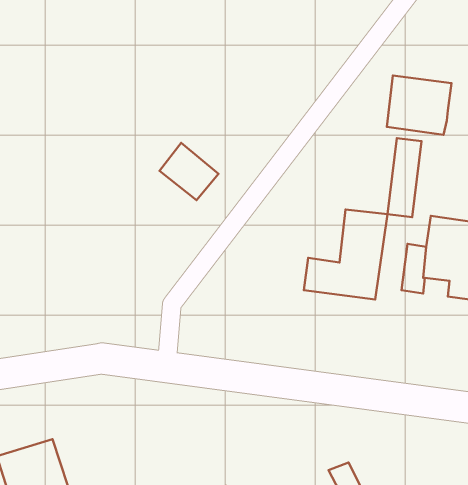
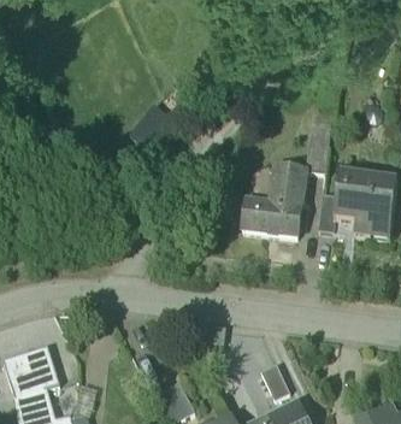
building: [387,75,451,135] -> none

